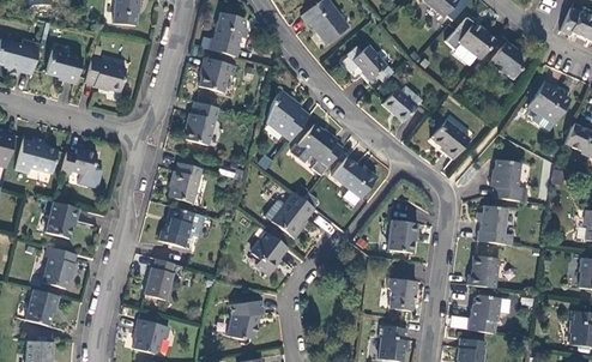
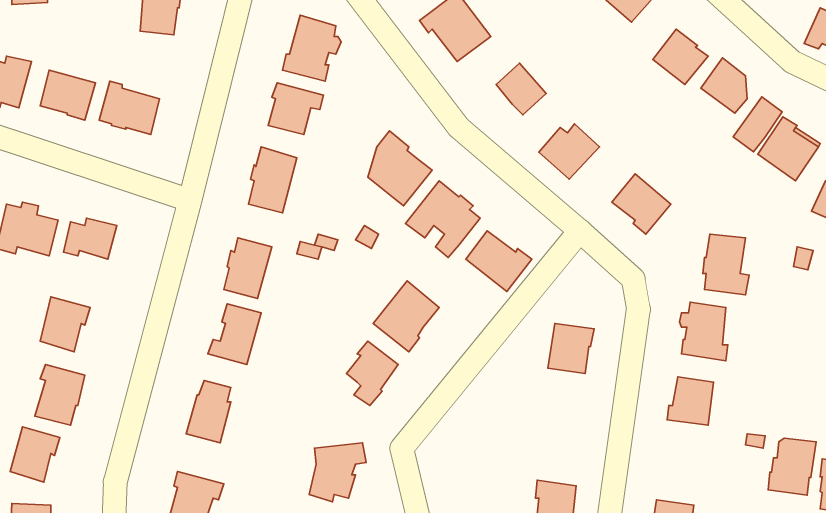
building: none -> [733,97,782,152]
building: [387,277,415,310] -> none
building: [467,295,500,333] -> [768,438,816,495]

